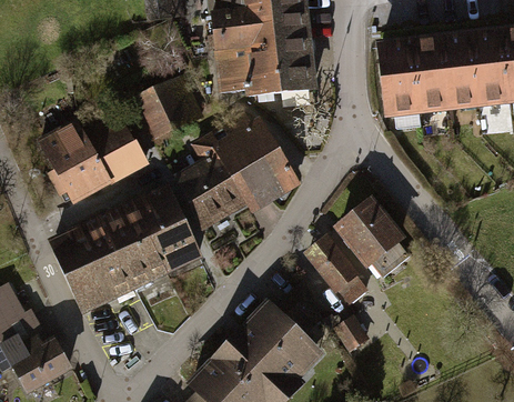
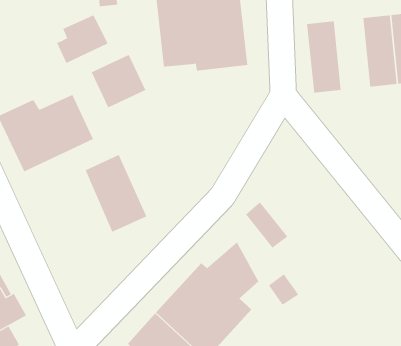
building: none -> [56,15,108,64]
building: [409,36,447,115] -> none
building: [175,112,295,223] -> none
building: [59,204,162,305] -> none
building: [332,204,407,284] -> none

